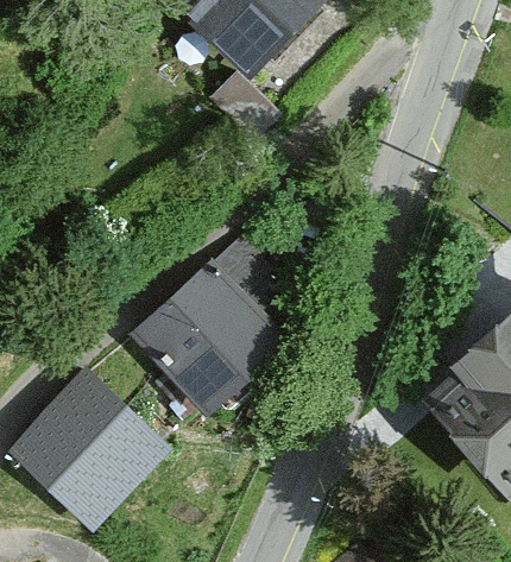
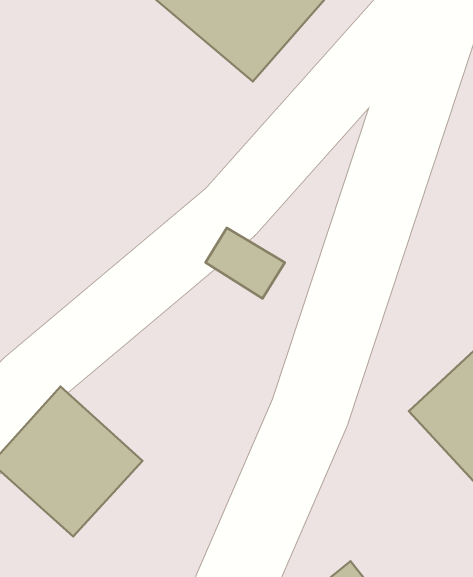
building: [141,271,284,415] -> none

